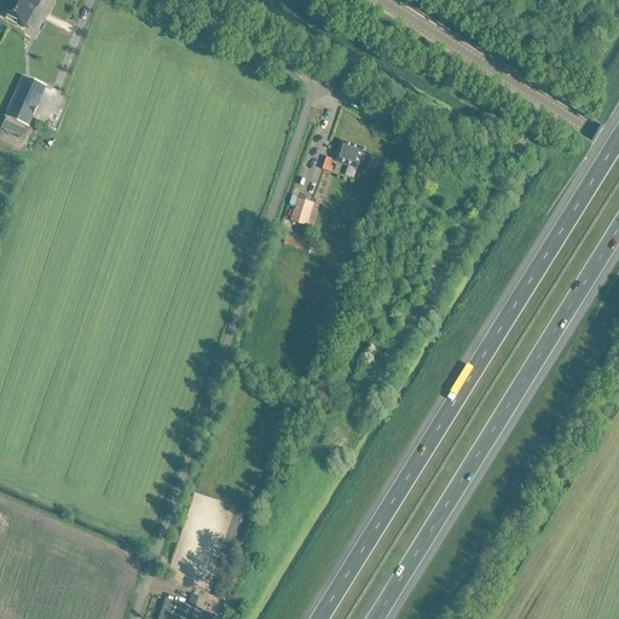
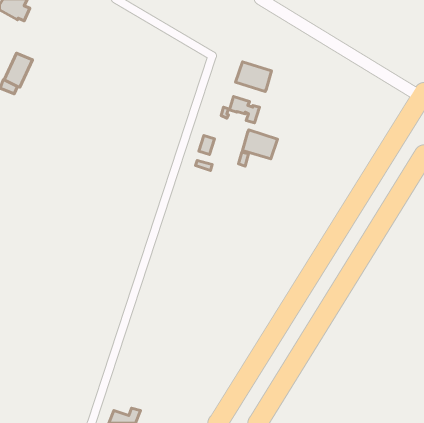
building: none -> [236,62,272,92]
building: none -> [243,130,278,159]

